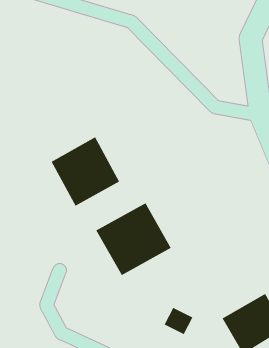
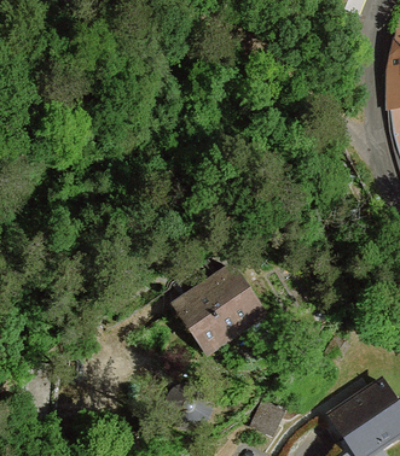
building: [50,136,120,207] -> none

